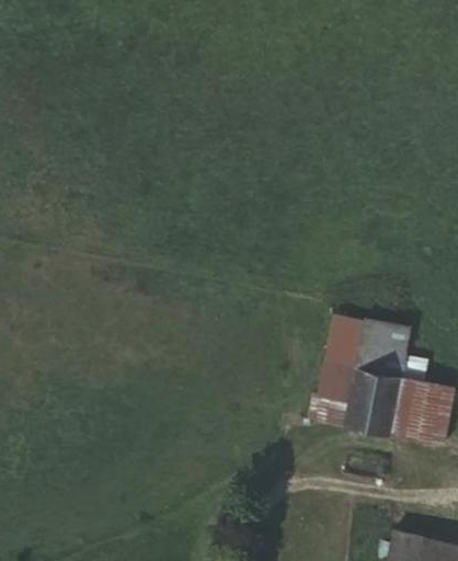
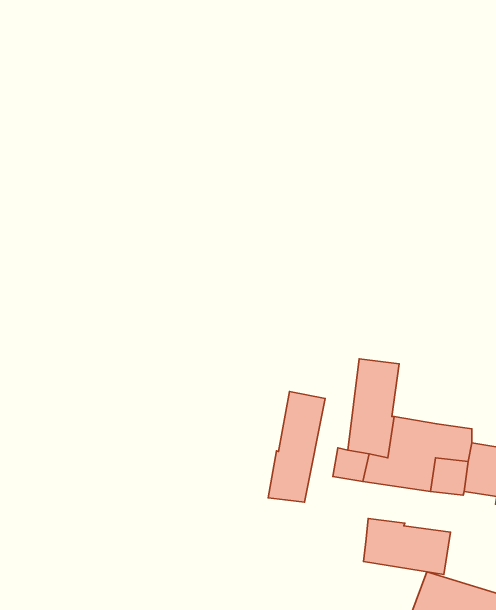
building: [363,328,408,380] -> none
building: none -> [268,392,325,502]
building: none -> [363,519,450,574]

